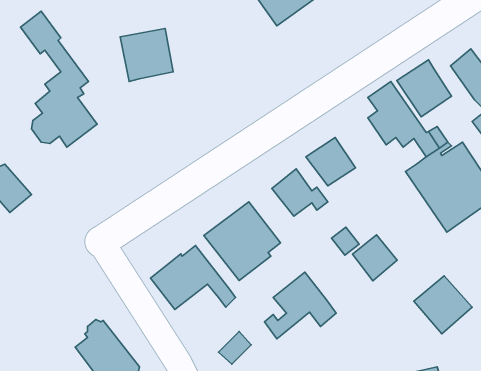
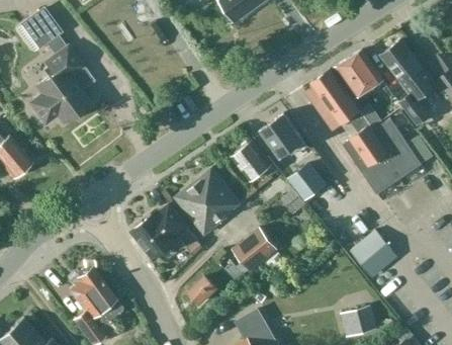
building: [120,28,173,82] -> none
building: [352,235,397,281] -> [288,162,326,200]

